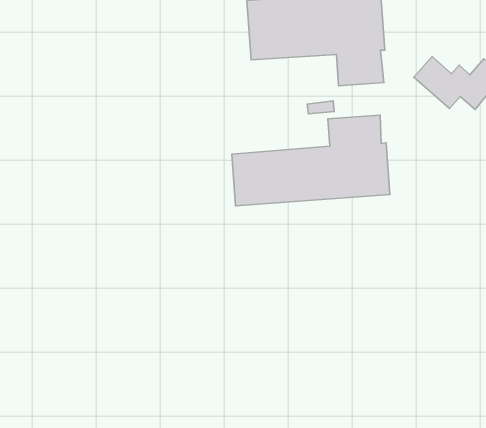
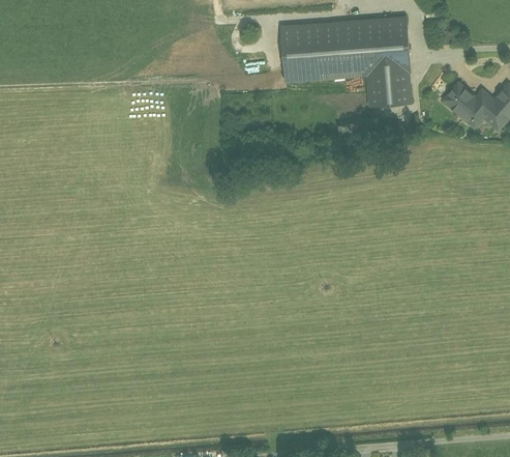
building: [232,115,390,206] -> none

